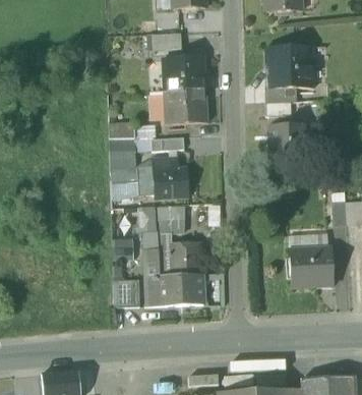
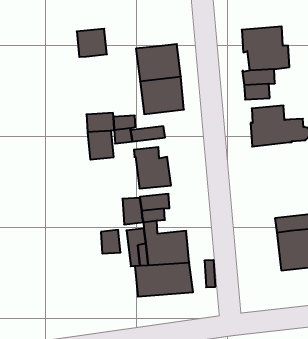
building: [154,33,182,59] -> [77,29,107,57]
building: [110,165,157,201] -> none
building: [114,279,140,307] -> none

